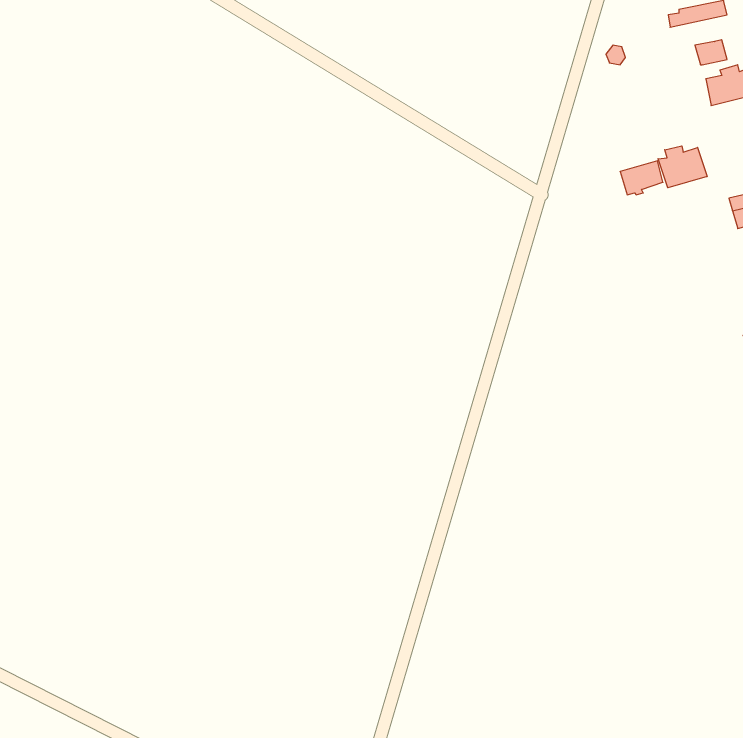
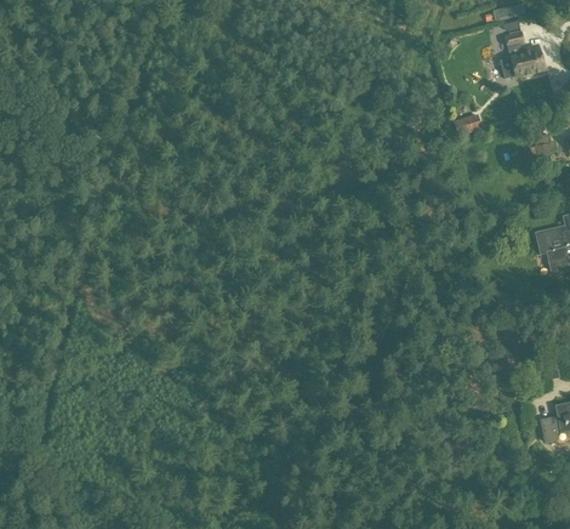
building: [658,146,707,188] -> none

